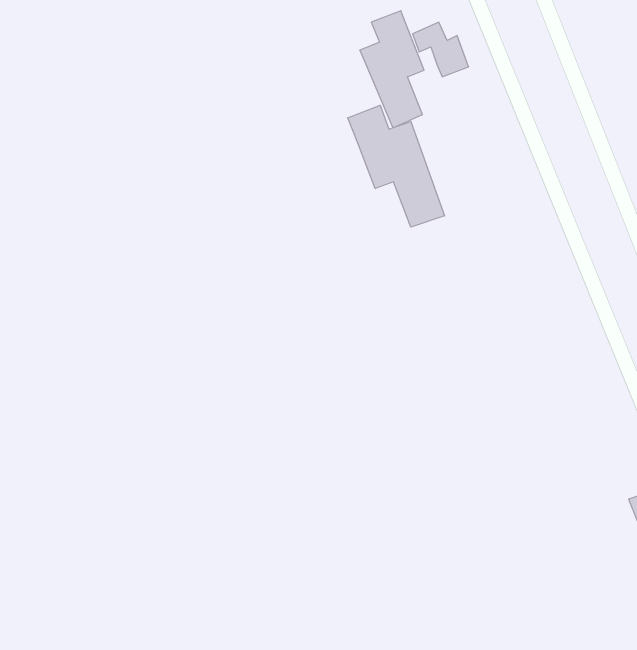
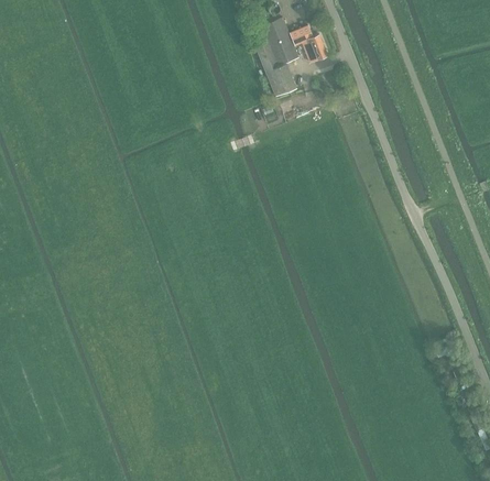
building: [348,105,445,227] -> none

